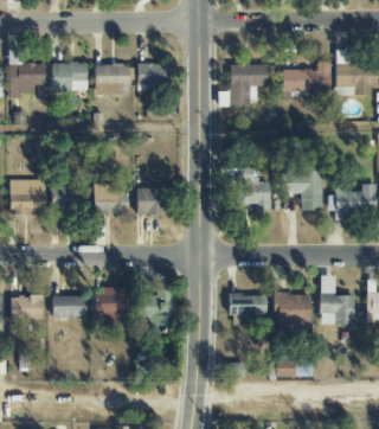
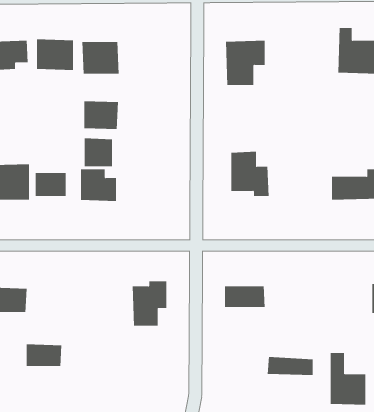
building: [282,62,332,96] -> none
building: [137,63,171,90] -> [84,101,119,130]
building: [282,167,323,211] -> none
building: [137,187,165,214] -> [84,138,113,167]
building: [321,275,355,325] -> [330,352,366,405]
building: [97,287,130,325] -> none
building: [275,294,311,324] -> none
building: [53,295,88,316] -> [26,344,62,367]

